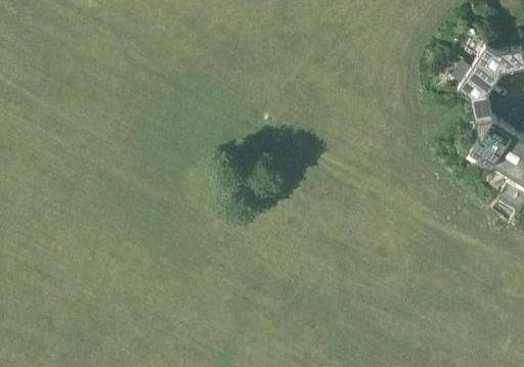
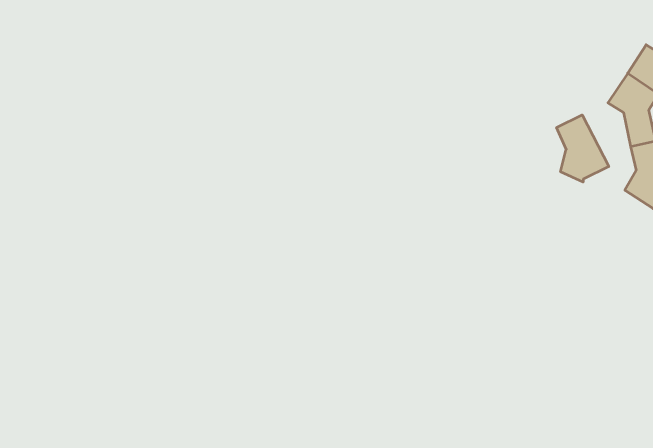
building: none -> [557,115,609,182]

